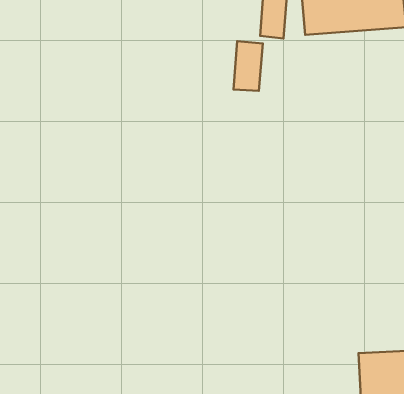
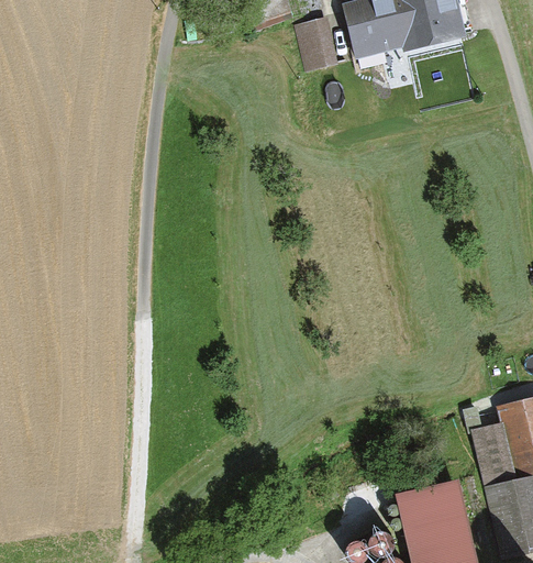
building: [234,41,263,91] -> none

